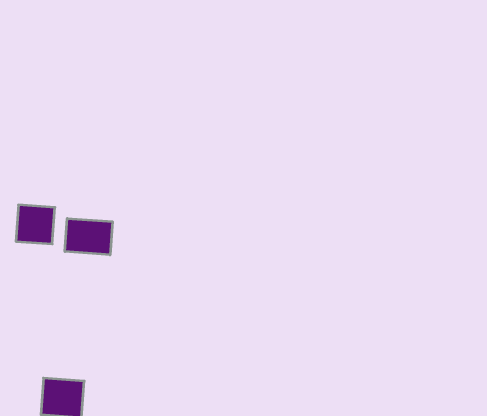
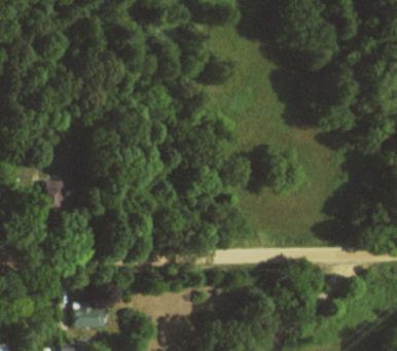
building: [65,218,112,255] -> none

